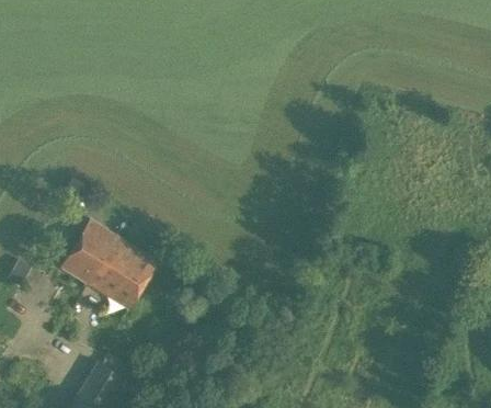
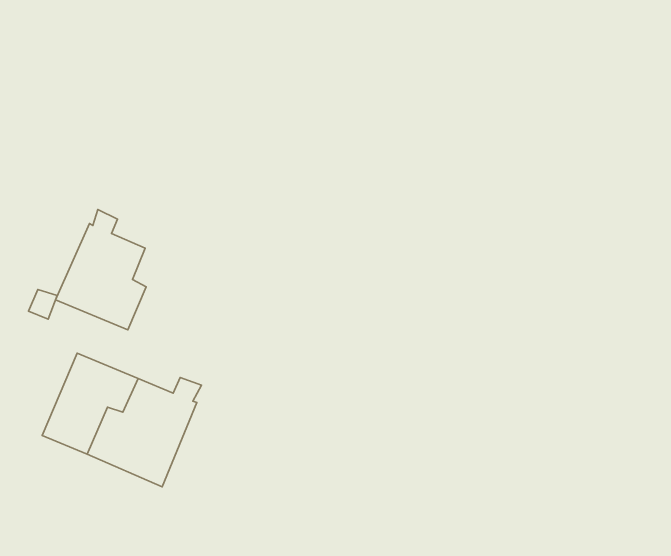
building: none -> [56,210,146,330]

